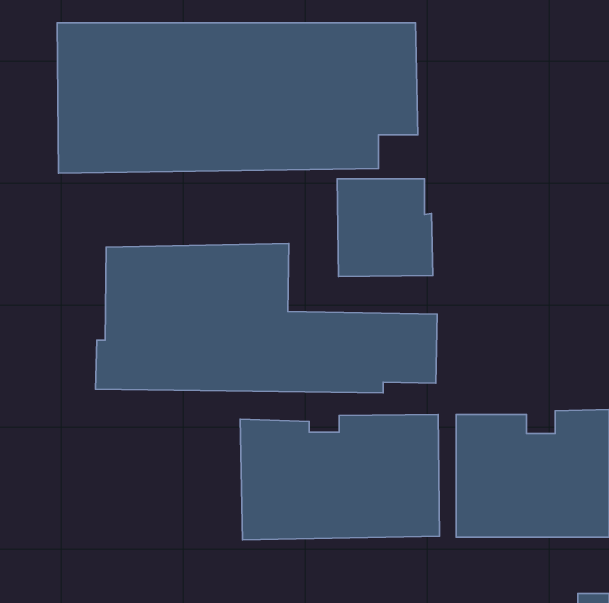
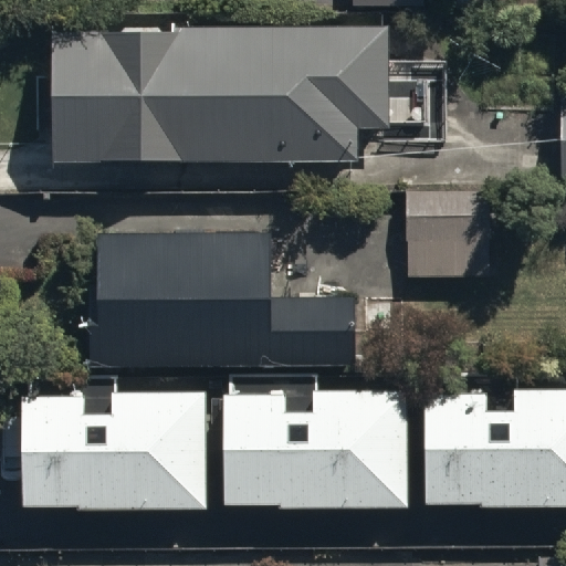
building: [337,179,433,277] -> [408,191,496,282]
building: none -> [22,390,207,507]

